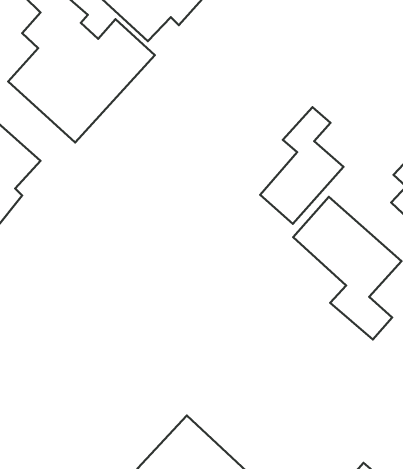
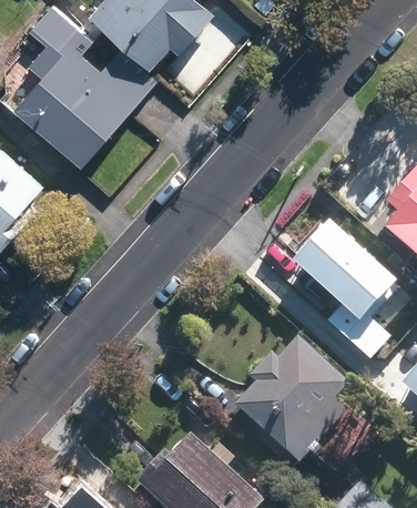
building: [260,107,343,224] -> none
building: none -> [233,337,352,476]

